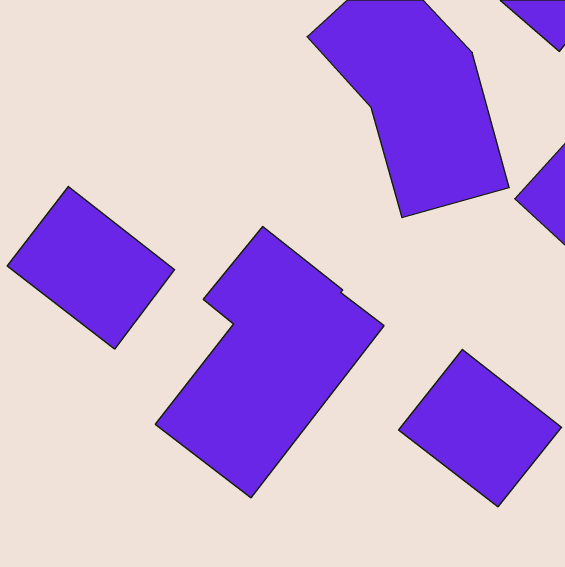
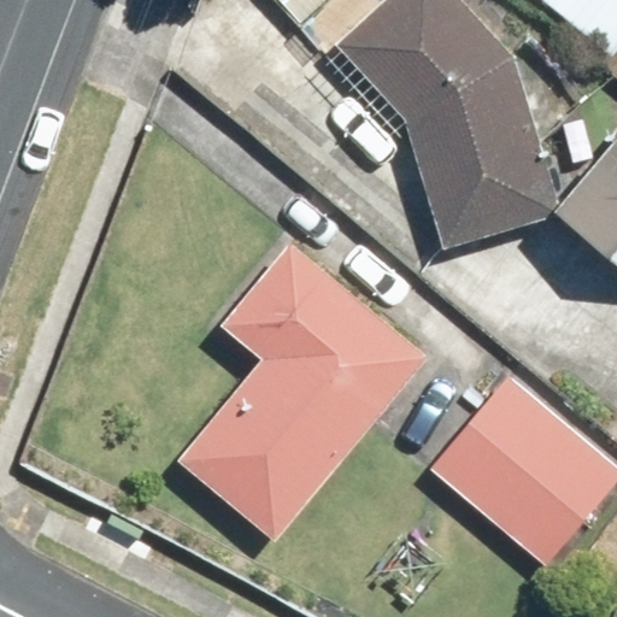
building: [7,186,175,349] -> none

